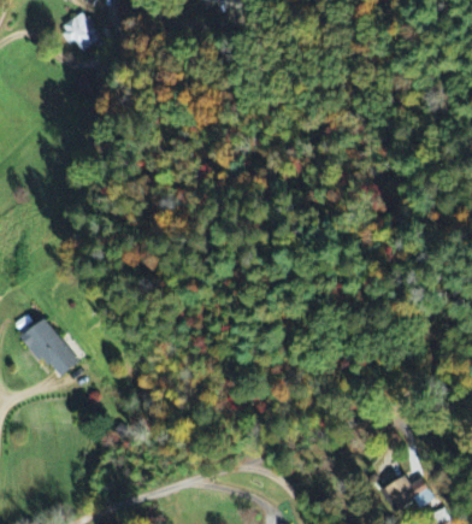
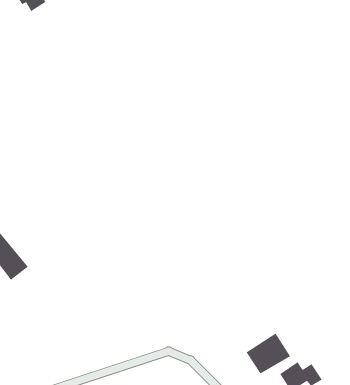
building: none -> [246,333,291,374]

